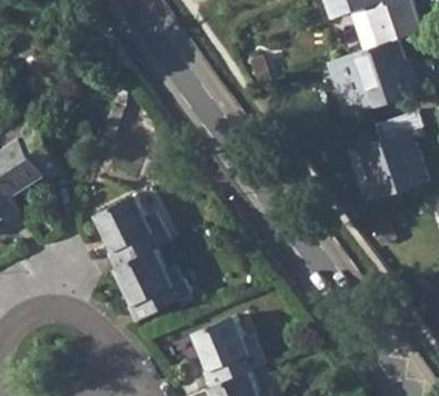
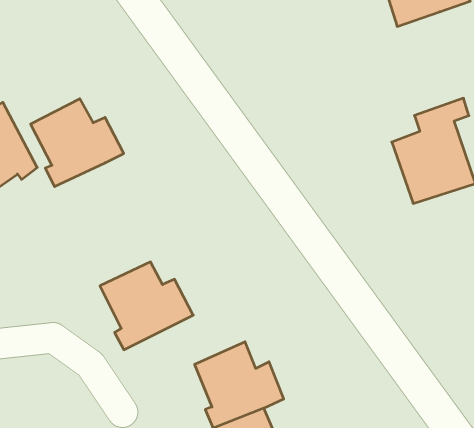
building: [332,40,409,112] -> none
building: [92,196,170,269] -> [31,99,124,187]

